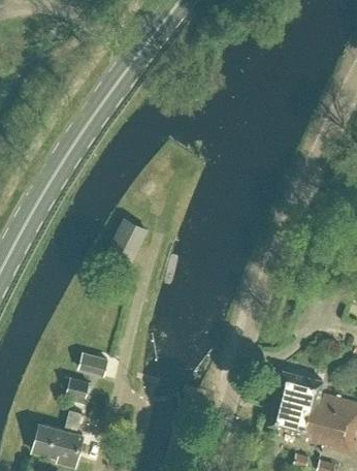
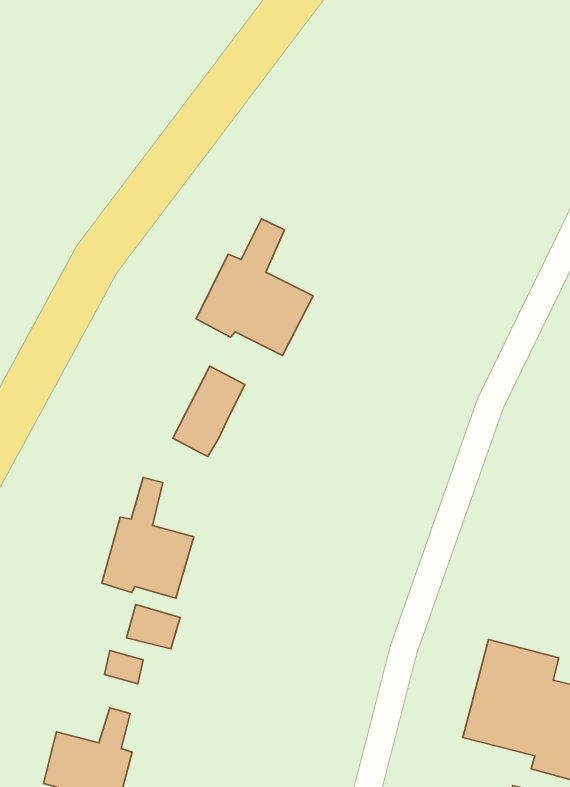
building: none -> [196,219,313,356]
building: none -> [102,477,194,598]

